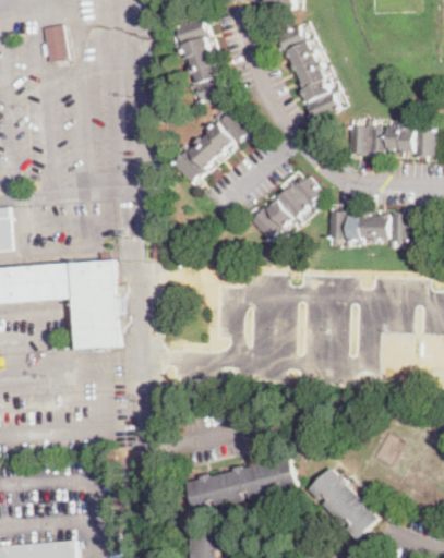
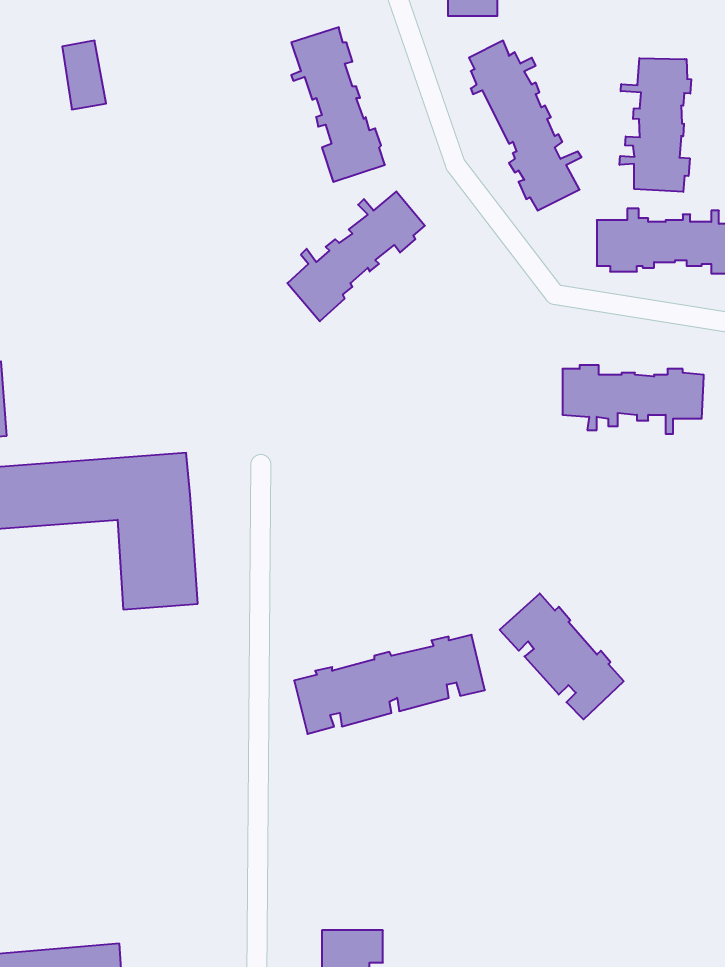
building: none -> [620,58,691,192]
building: [249,177,321,241] -> none
building: [188,456,297,512] -> [294,635,485,734]
building: [308,468,379,539] -> [500,593,624,719]

